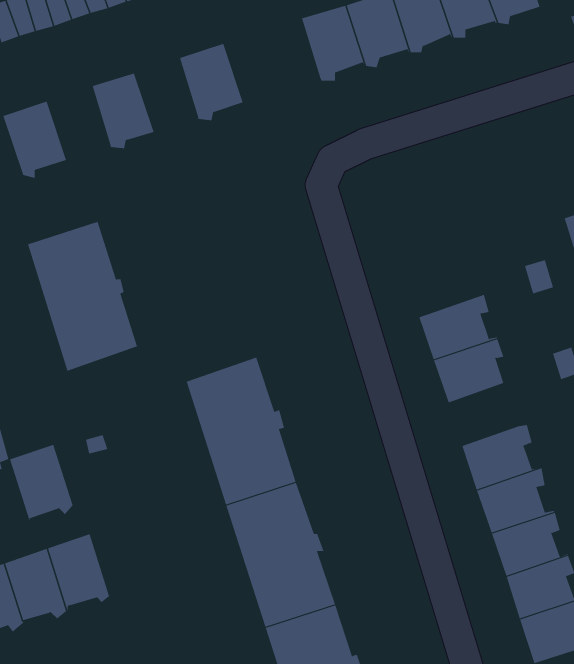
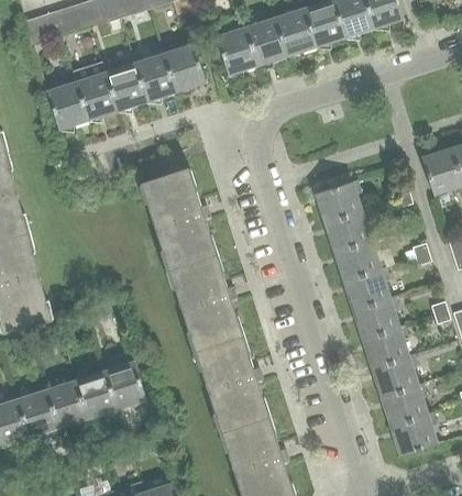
building: none -> [217,25,257,77]
building: none -> [134,52,176,103]
building: none -> [73,62,118,122]
building: [27,221,138,371] -> [142,167,216,267]
building: none -> [314,179,367,224]
building: none -> [343,267,389,310]
building: [9,444,74,522] -> [104,359,147,410]

